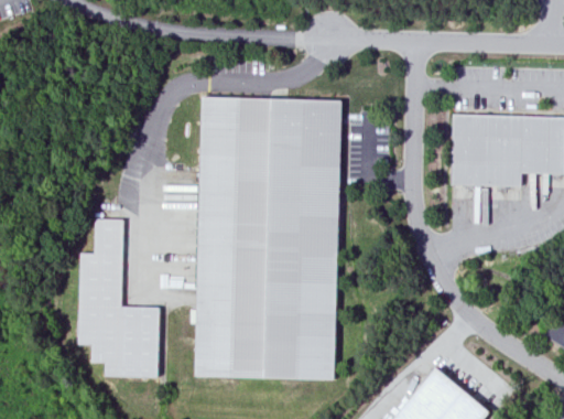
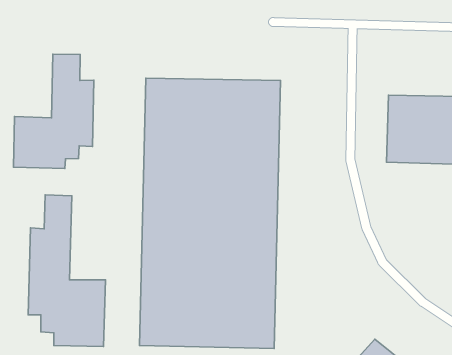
building: none -> [14,54,94,169]

